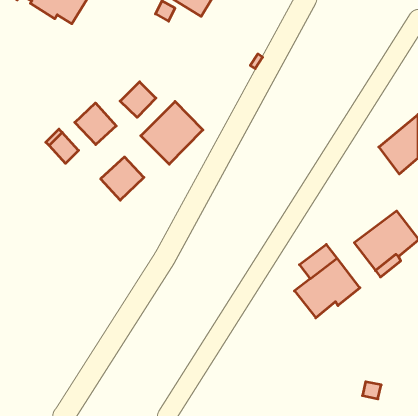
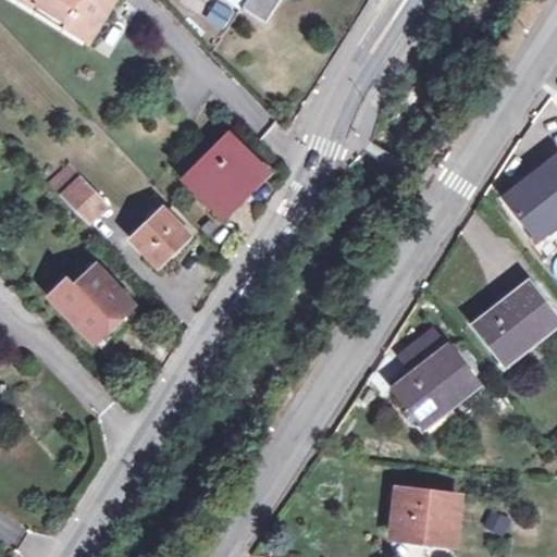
building: [120,82,156,117] -> none
building: [75,103,116,145] -> none
building: none -> [50,265,135,343]
building: none -> [389,490,457,541]

